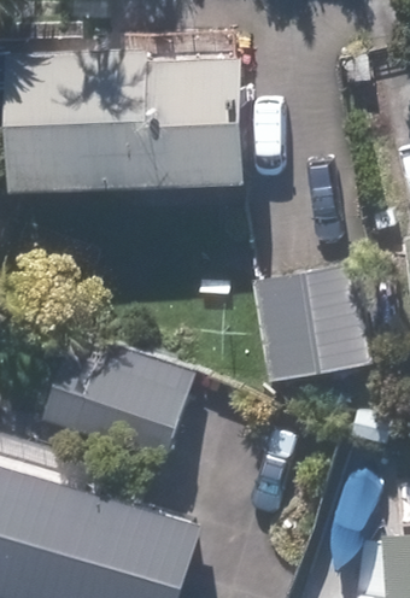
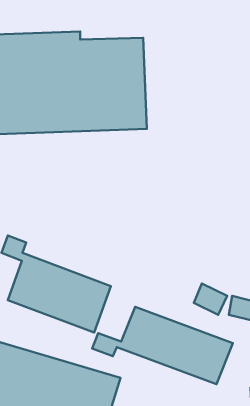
building: [252,266,369,380] -> none
building: none -> [92,307,233,384]

